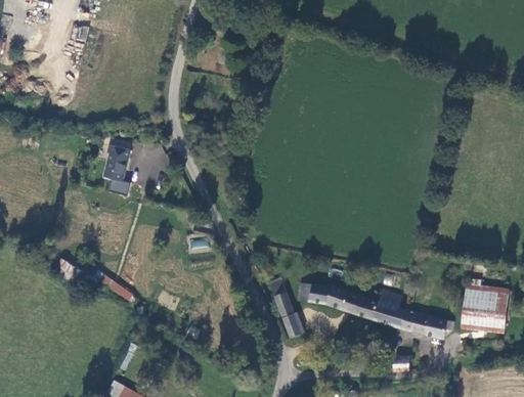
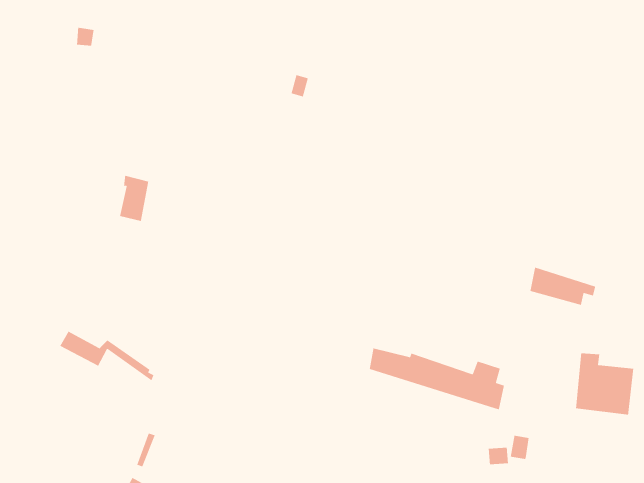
building: [274,291,305,343] -> none
building: [402,308,454,339] -> [529,267,596,306]

